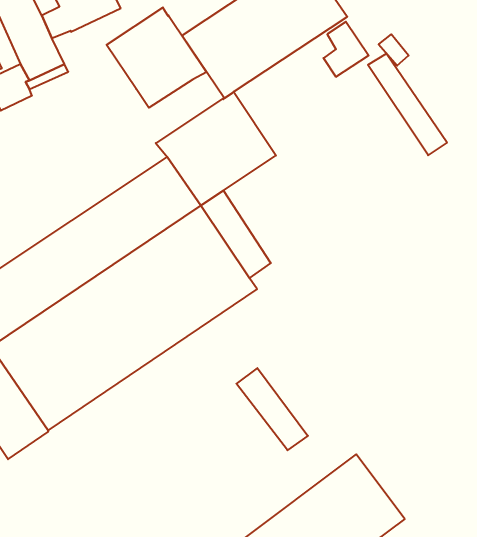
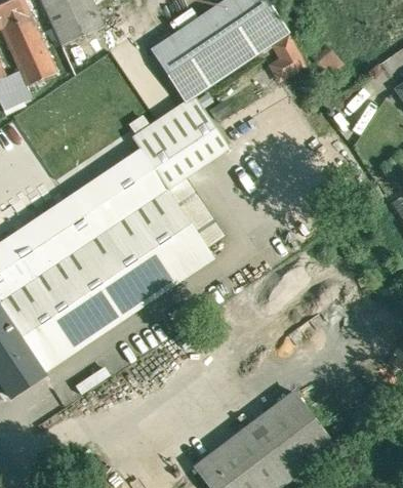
building: [107,7,206,108] -> none
building: [368,53,447,155] -> none
building: [236,368,308,450] -> none

